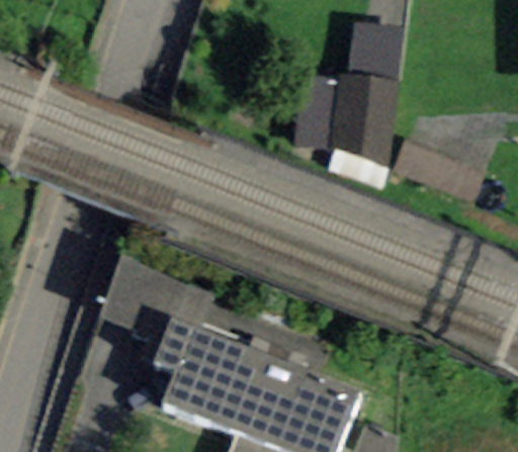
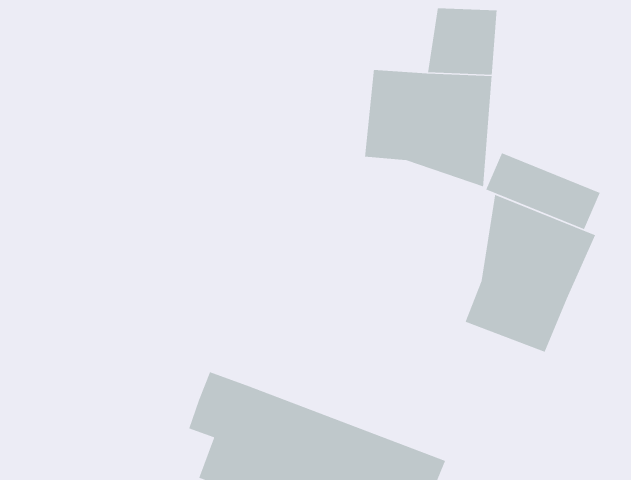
building: none -> [464,194,596,353]
building: [97,259,214,342] -> none

